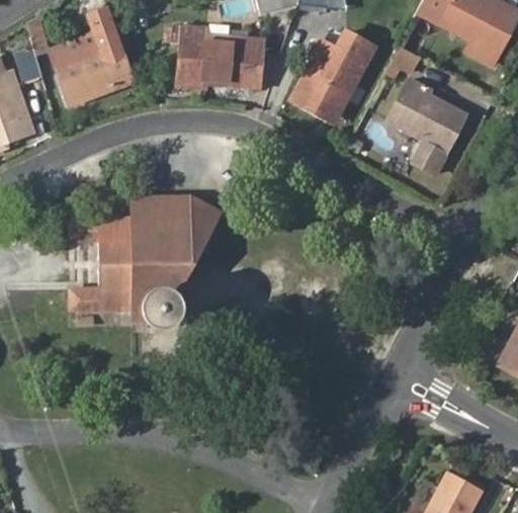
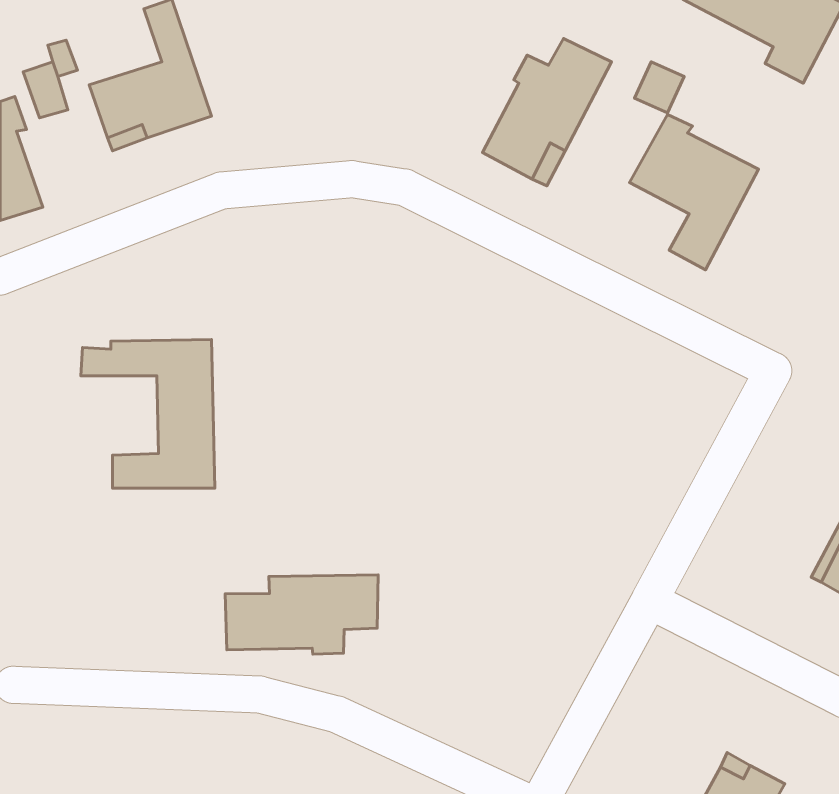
building: [170,26,262,87] -> none
building: [131,197,220,324] -> none
building: none -> [225,575,378,654]

